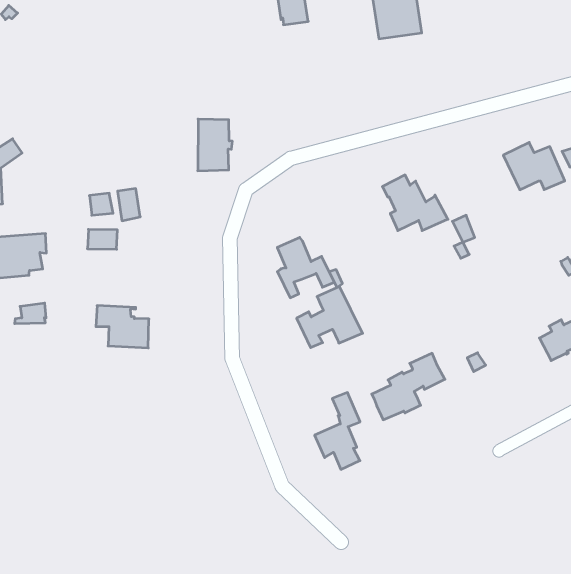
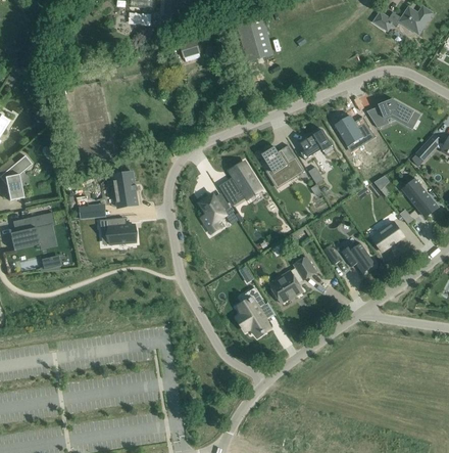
building: [198,119,232,171] -> [112,171,136,206]
building: none -> [299,129,334,158]
building: [297,287,363,348] -> [218,162,261,202]
building: [96,306,149,348] -> [100,217,136,243]
building: none -> [341,241,375,272]

